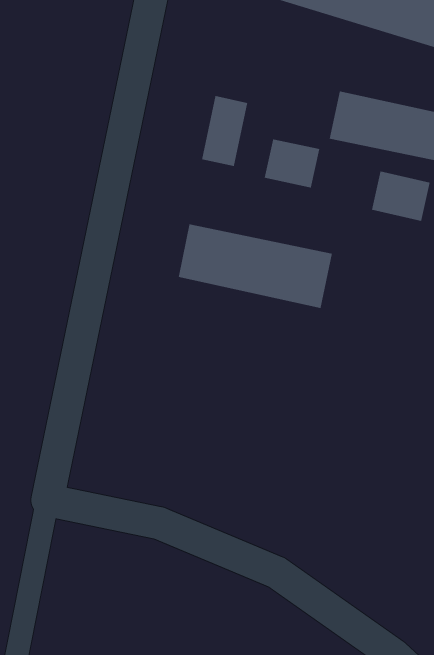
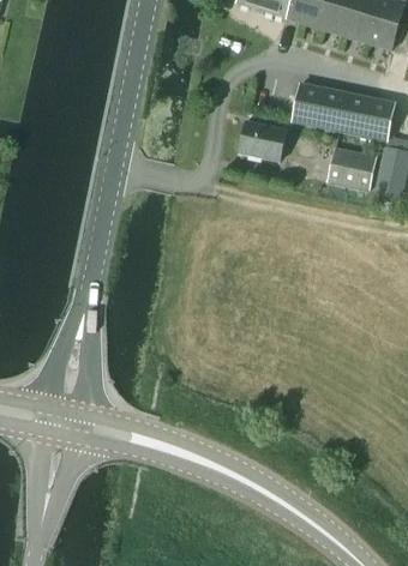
building: [202,95,248,167] -> none
building: [178,224,333,309] -> none

